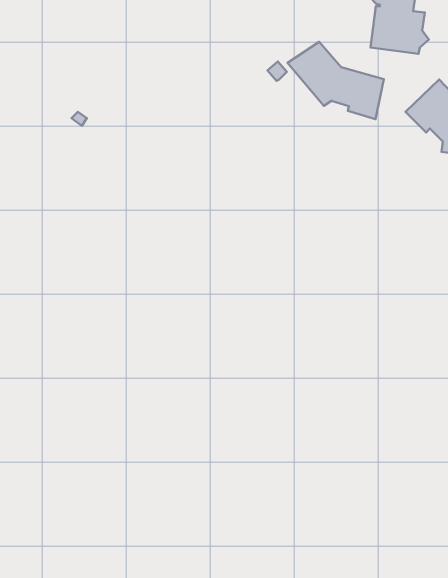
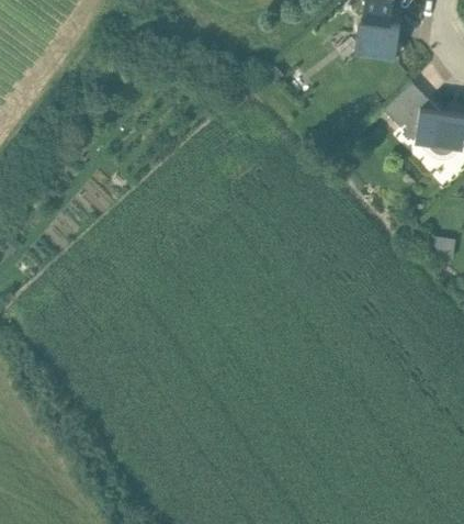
building: [287,42,384,119] -> none

